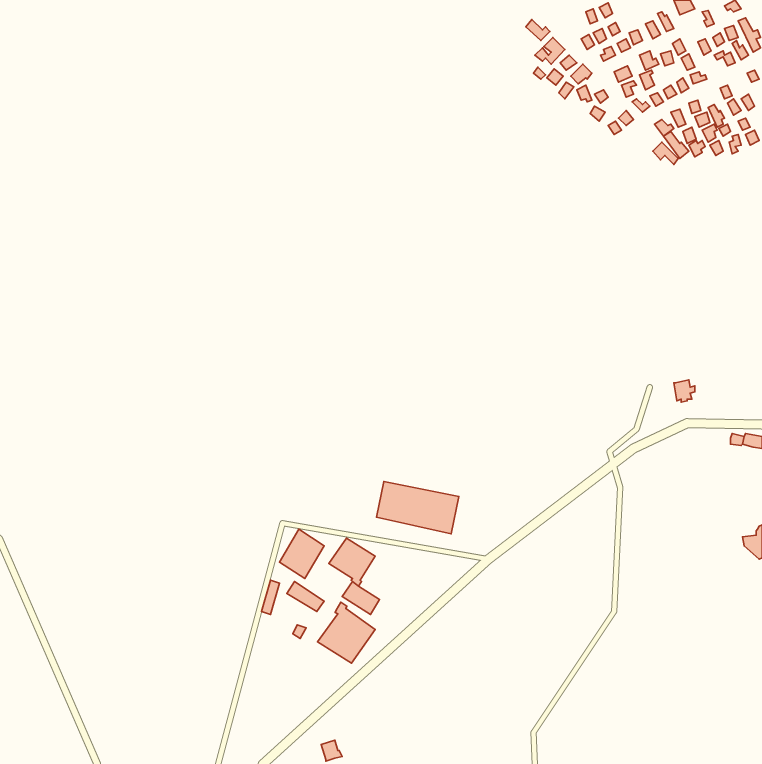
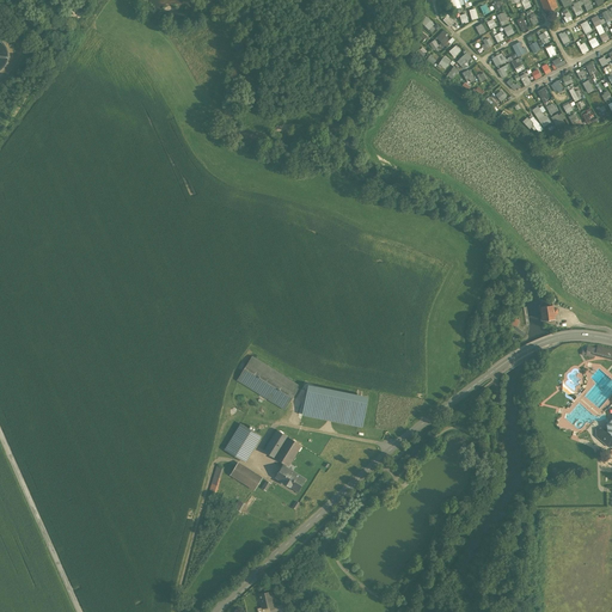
building: none -> [237,356,298,410]
building: [318,602,375,663] -> none

